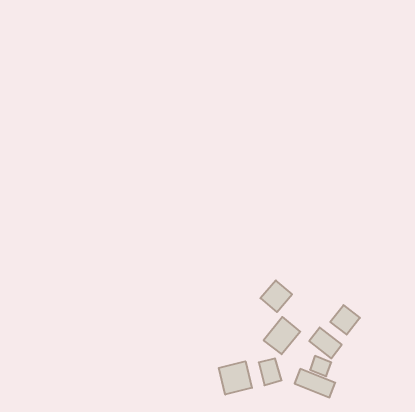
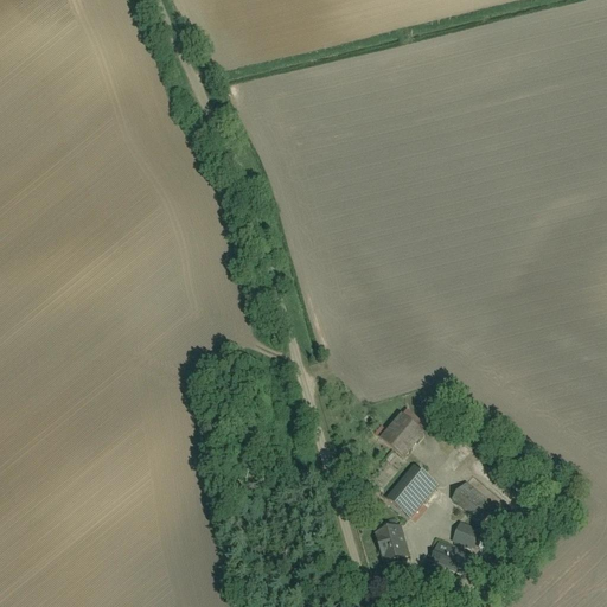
building: [330,305,360,335] -> none
building: [219,361,252,395] -> none

